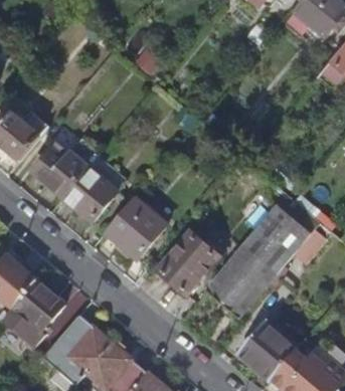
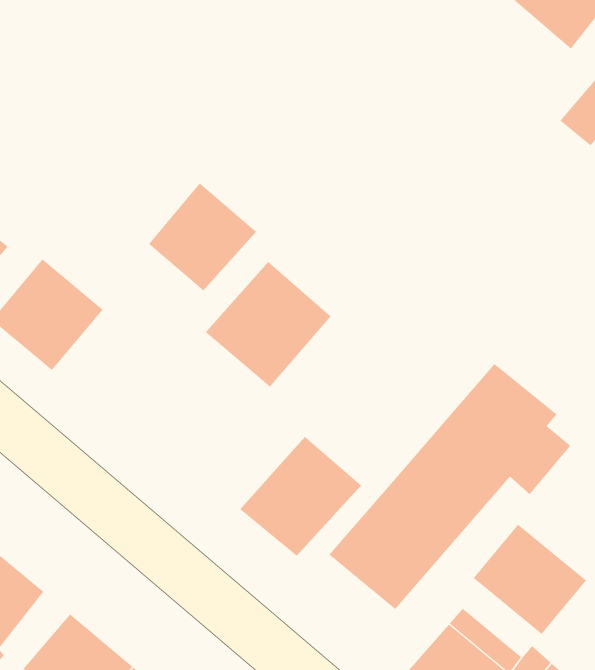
building: [62,167,118,222] -> [148,183,257,291]
building: [104,196,168,260] -> [205,261,331,387]
building: none -> [473,524,587,635]

